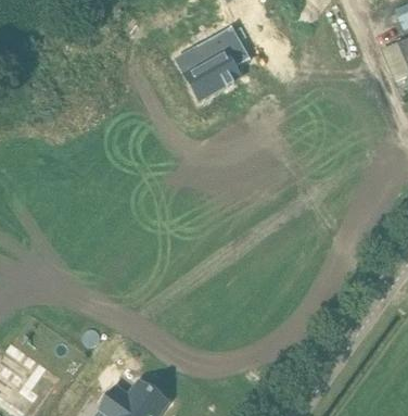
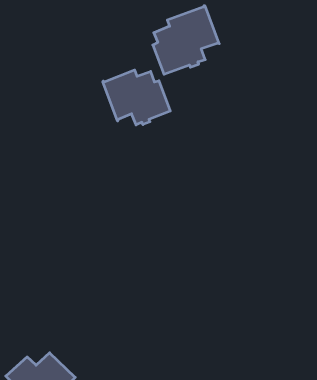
building: none -> [103,70,170,125]

